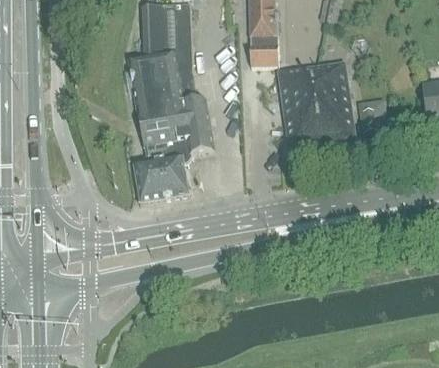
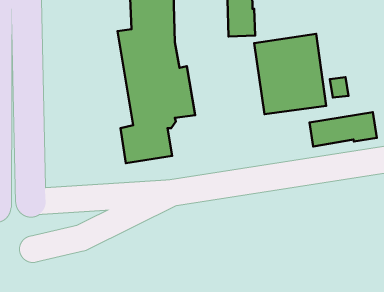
building: none -> [309,112,377,146]

